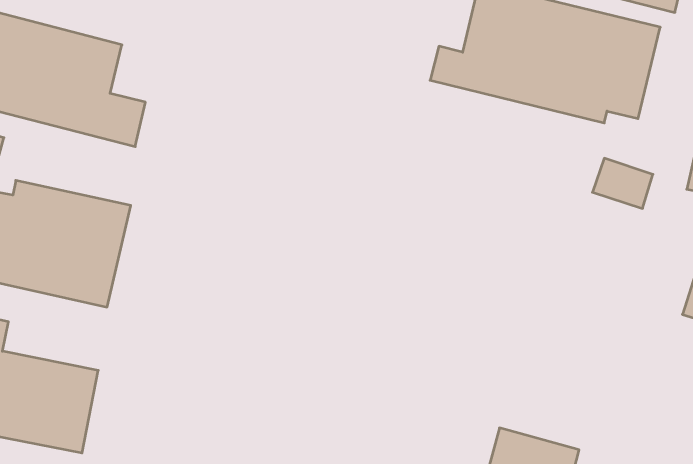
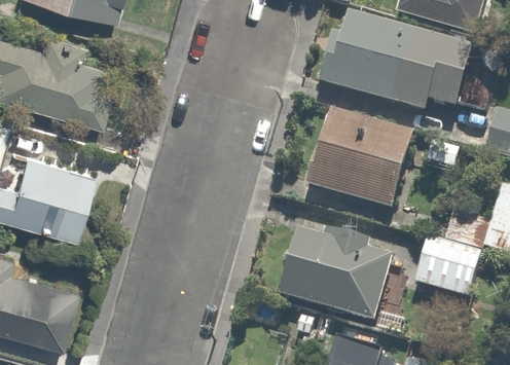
building: none -> [307,108,420,212]
building: none -> [276,232,387,317]
building: none -> [411,236,481,300]

